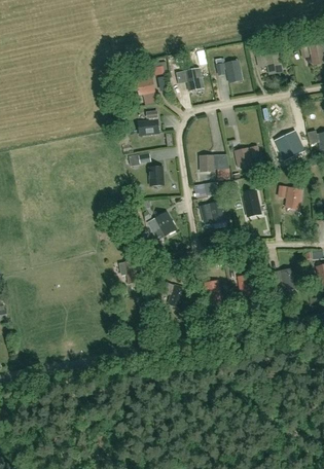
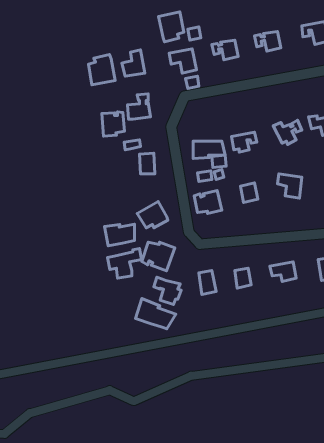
building: none -> [158,12,184,42]
building: none -> [88,55,115,85]
building: none -> [102,112,124,136]
building: none -> [104,224,135,246]
building: none -> [142,242,175,271]
building: none -> [135,299,176,329]

